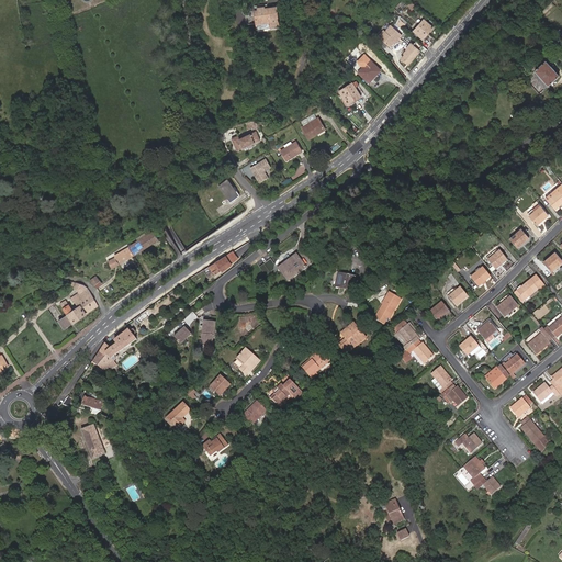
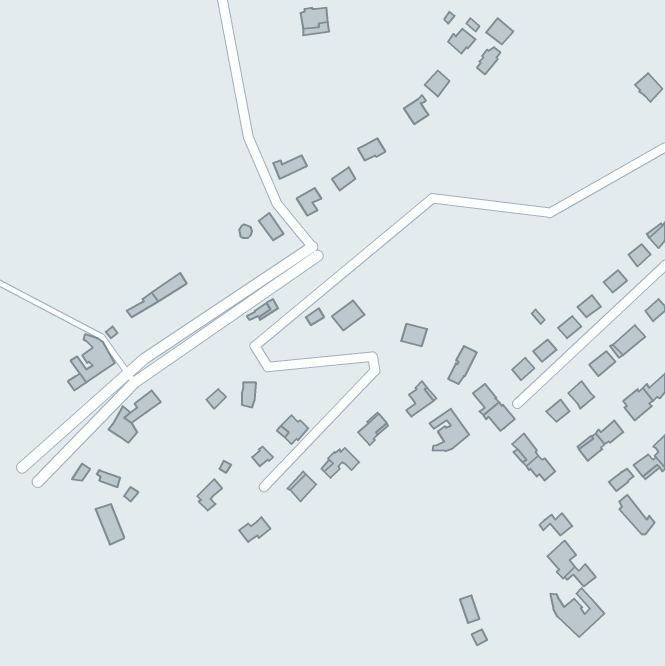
building: none -> [430,409,469,451]
building: none -> [551,588,604,637]

